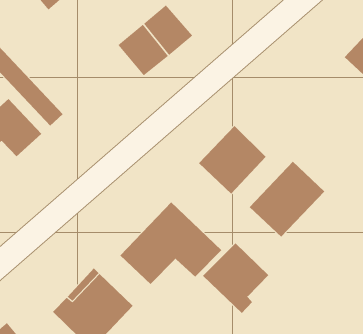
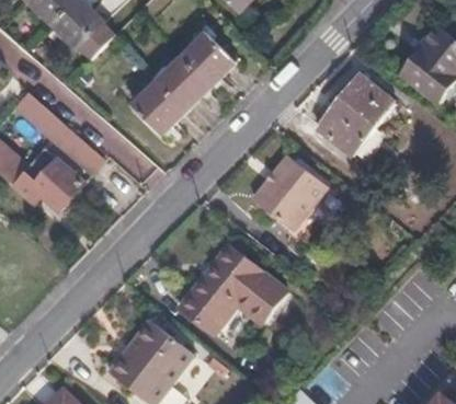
building: none -> [132,82,186,137]
building: [249,161,325,238] -> [316,74,396,158]
building: [202,243,269,314] -> none

